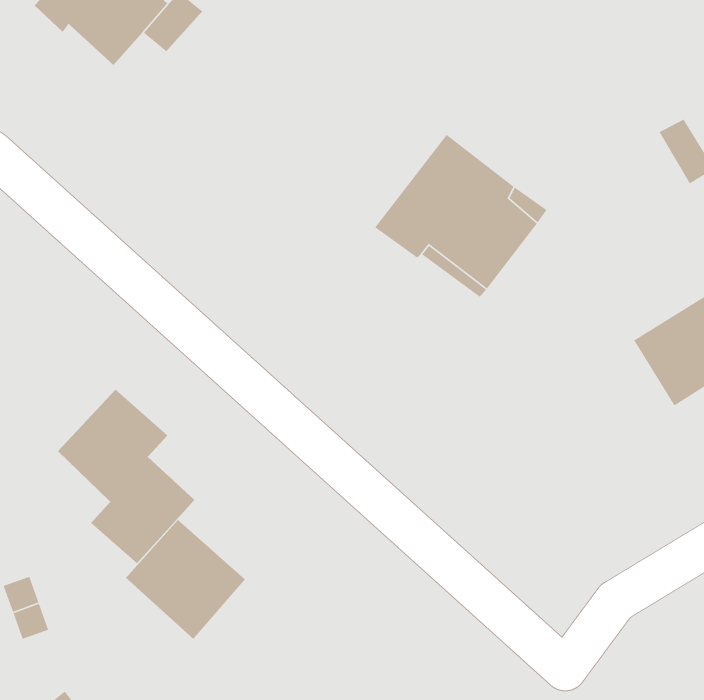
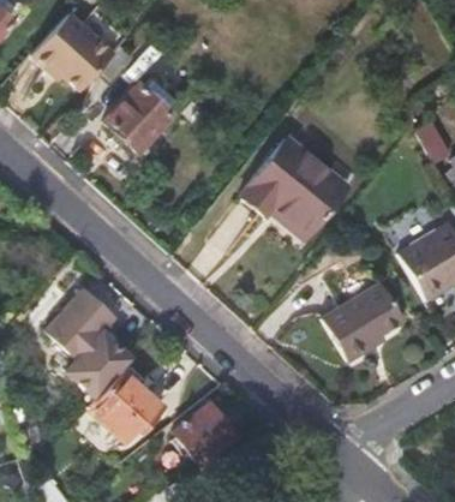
building: none -> [103,77,179,153]
building: none -> [323,286,405,364]
building: none -> [174,404,235,465]

